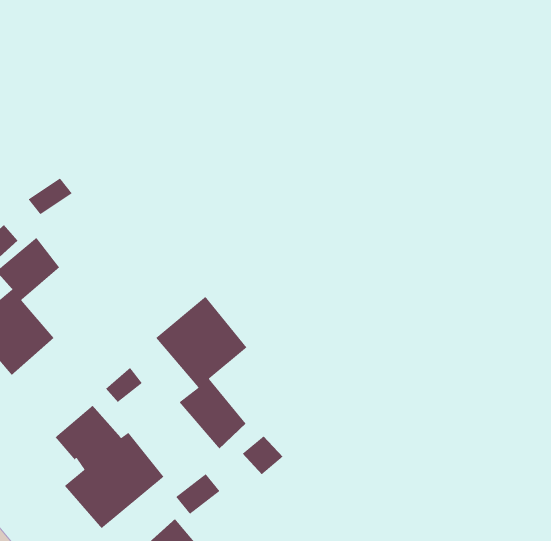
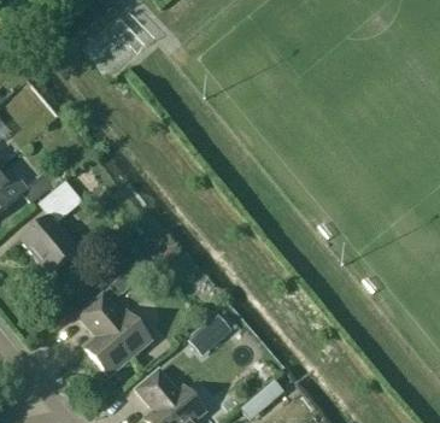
building: [155,296,247,450] -> none

